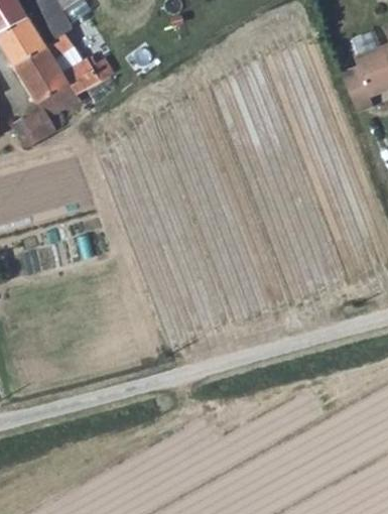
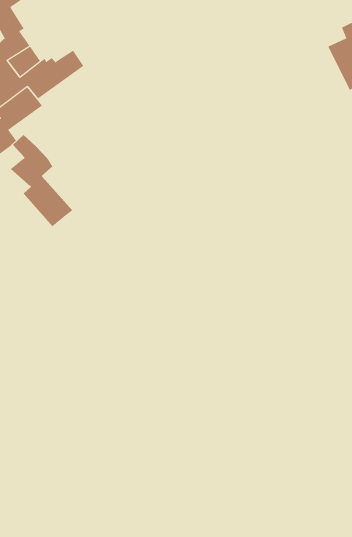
building: none -> [10,134,73,227]

